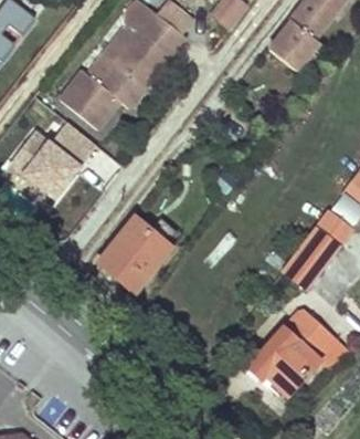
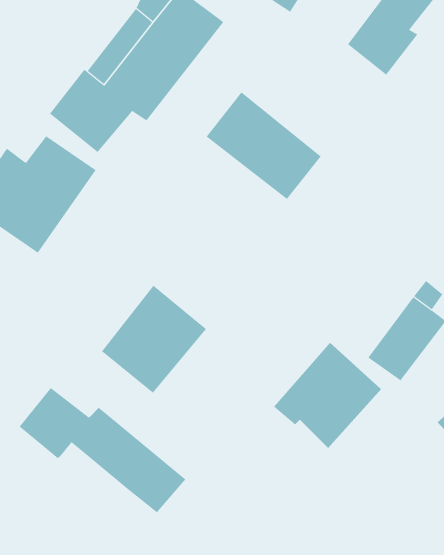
building: none -> [206,91,321,200]
building: none -> [19,387,186,513]
building: [252,318,328,394] -> [273,342,382,449]

